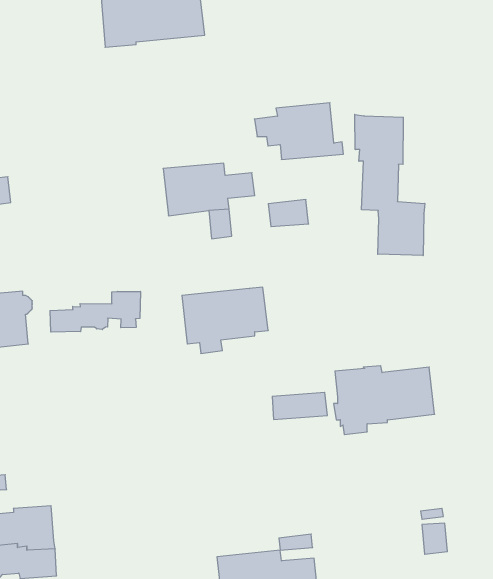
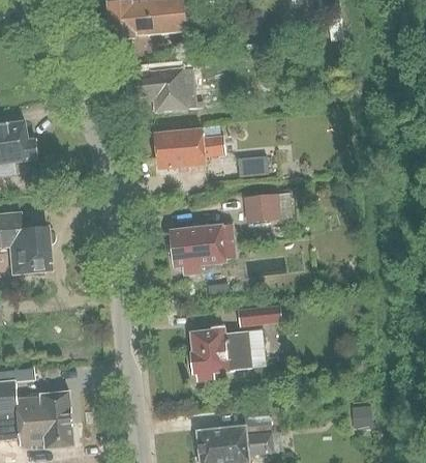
building: [254,103,343,159] -> [133,67,202,111]
building: [355,114,425,256] -> none
building: none -> [243,193,280,223]
building: [50,291,140,332] -> none
building: [334,366,435,435] -> [187,327,265,380]

